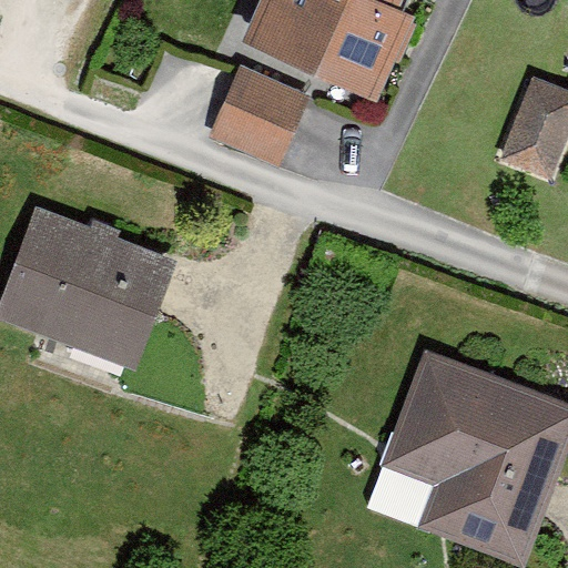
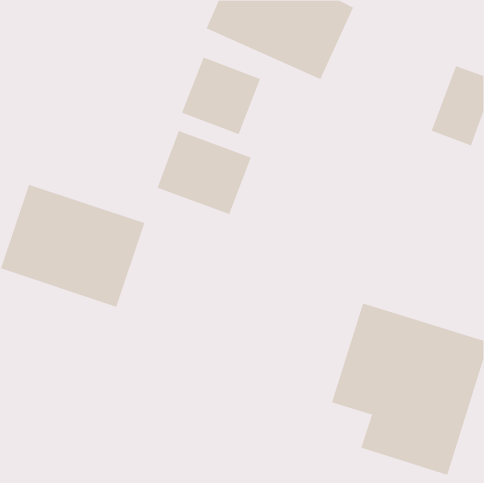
building: none -> [157,130,251,215]

